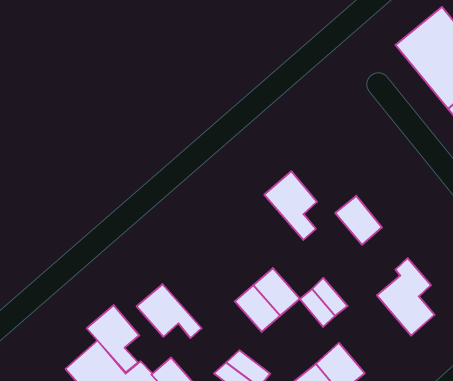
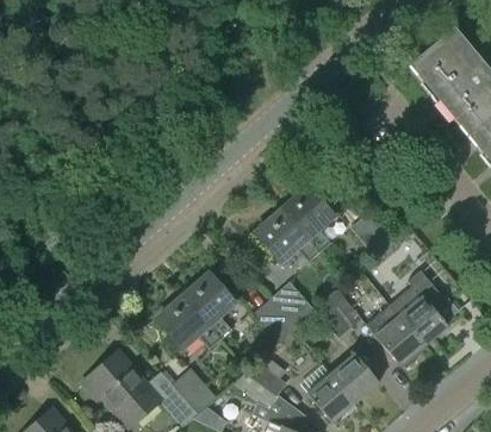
building: none -> [256,209,319,263]
building: none -> [368,307,424,368]
building: [87,305,139,372] -> [182,274,234,339]

